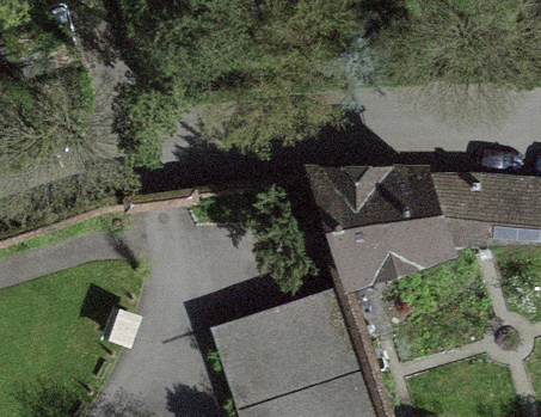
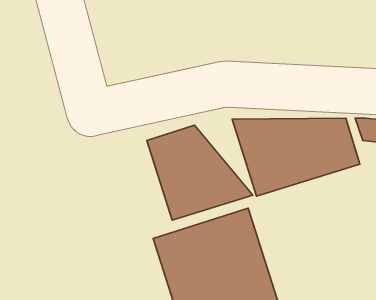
building: none -> [147,125,253,220]

